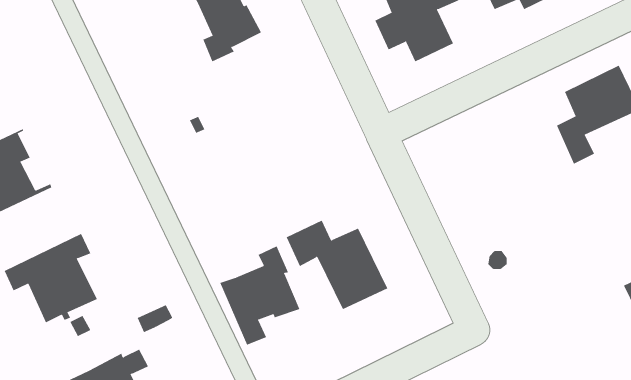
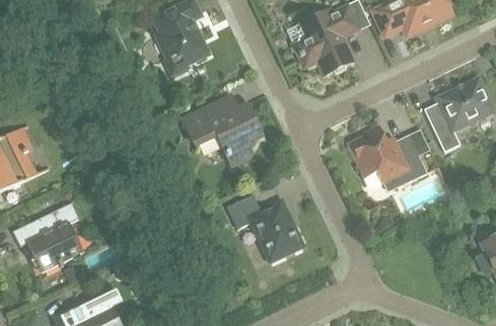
building: none -> [182,101,261,166]
building: none -> [348,125,427,183]
building: [220,245,300,346] -> none

